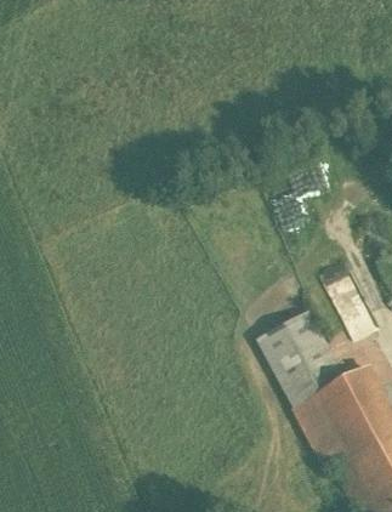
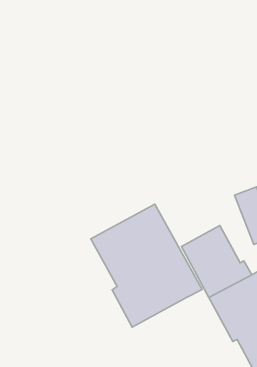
building: none -> [91,204,202,327]

